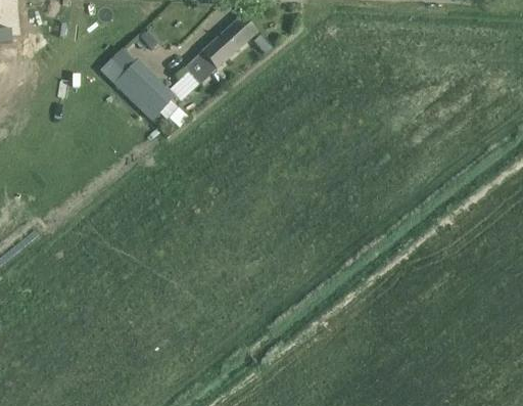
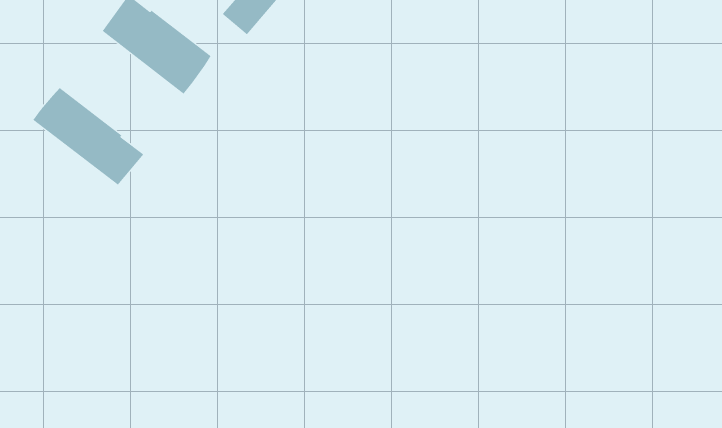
building: none -> [33,87,144,185]

